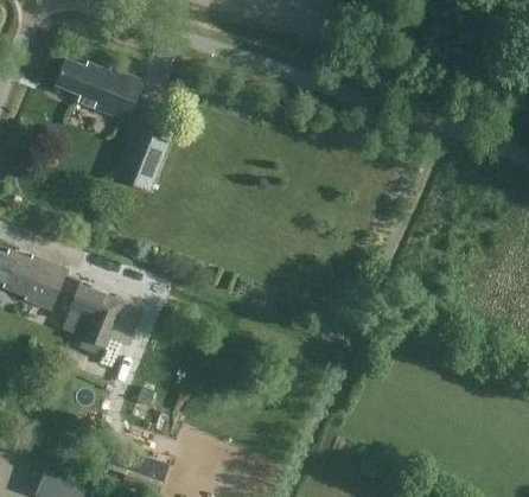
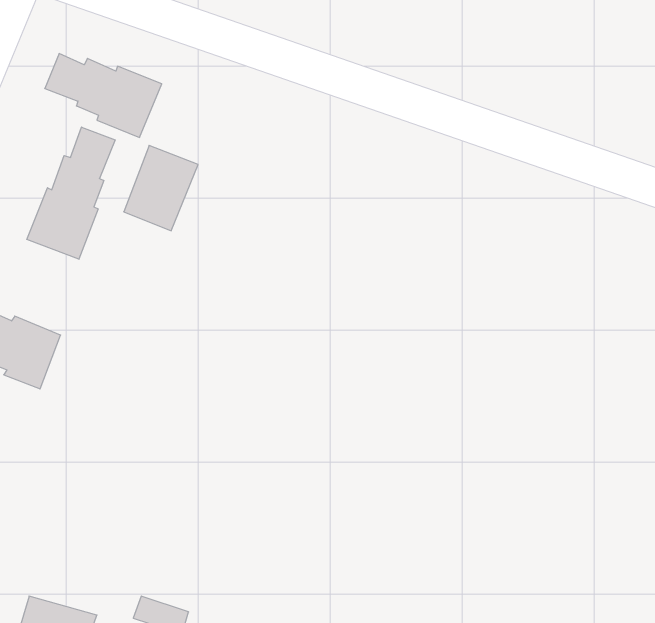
building: none -> [27,127,115,259]
building: [69,285,141,352] -> none

